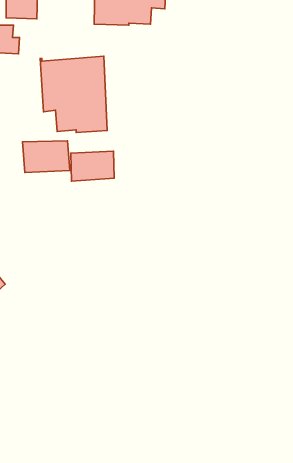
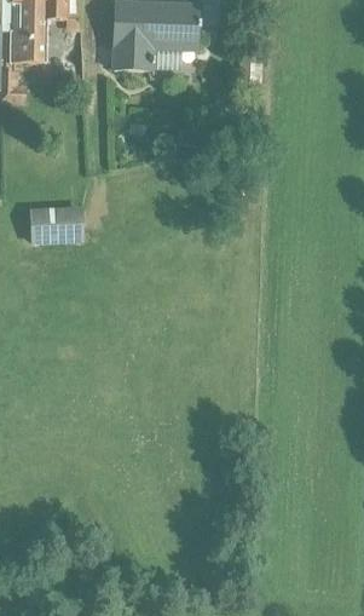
building: [40,56,107,132] -> none
building: [71,151,114,181] -> none

